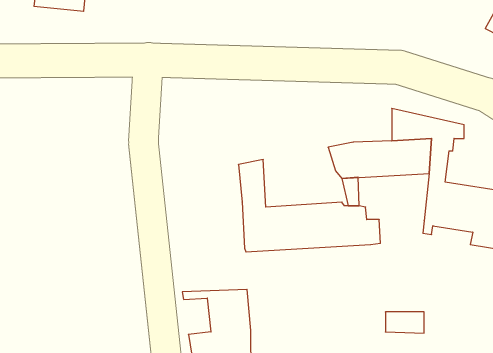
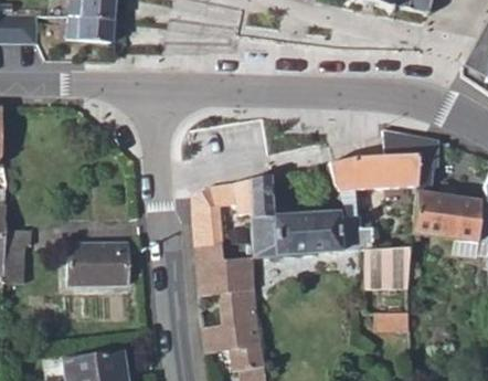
building: none -> [193,178,257,290]
building: none -> [73,241,130,283]
building: none -> [367,246,413,288]

